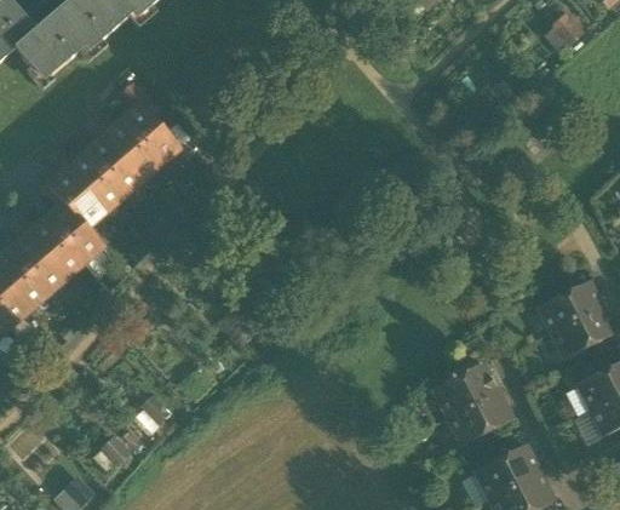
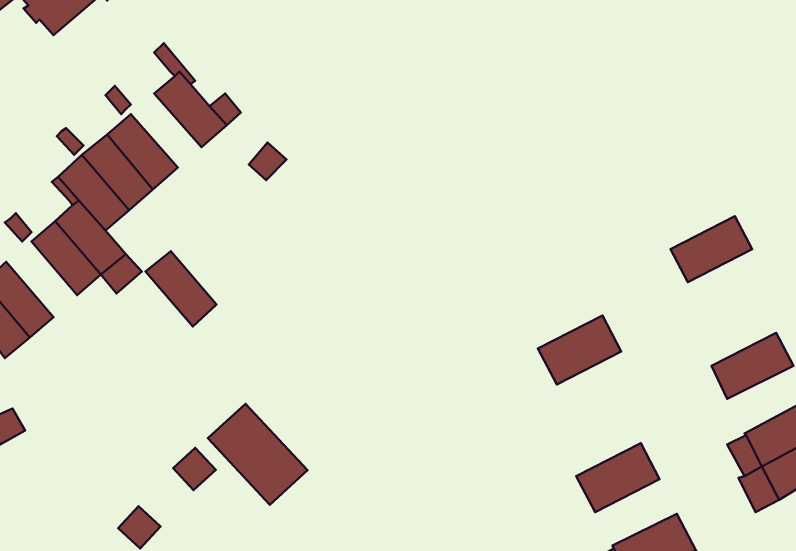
building: [107,122,161,179] -> none
building: [11,236,65,294] -> [146,251,216,327]
building: [540,281,603,332] -> [670,216,752,282]
building: none -> [208,404,307,505]
building: [435,363,499,417] -> [538,315,621,385]

